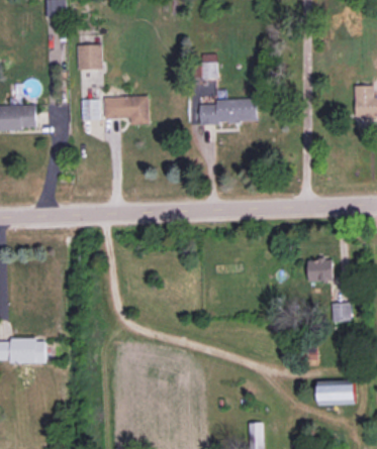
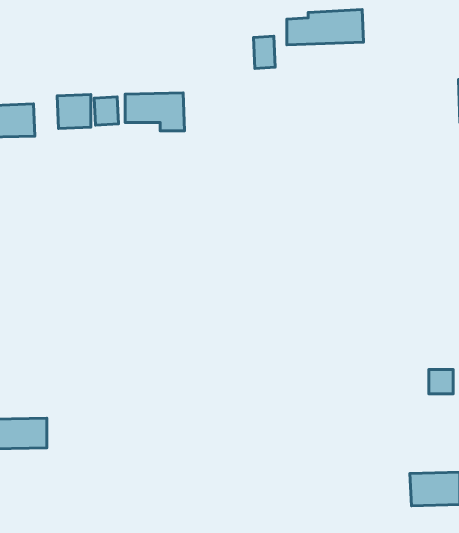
building: [77,44,102,70] -> [57,95,91,128]
building: [199,98,257,124] -> [287,10,364,45]
building: [307,259,333,280] -> none

